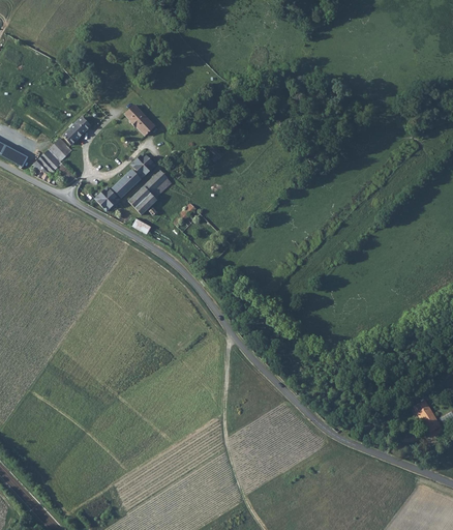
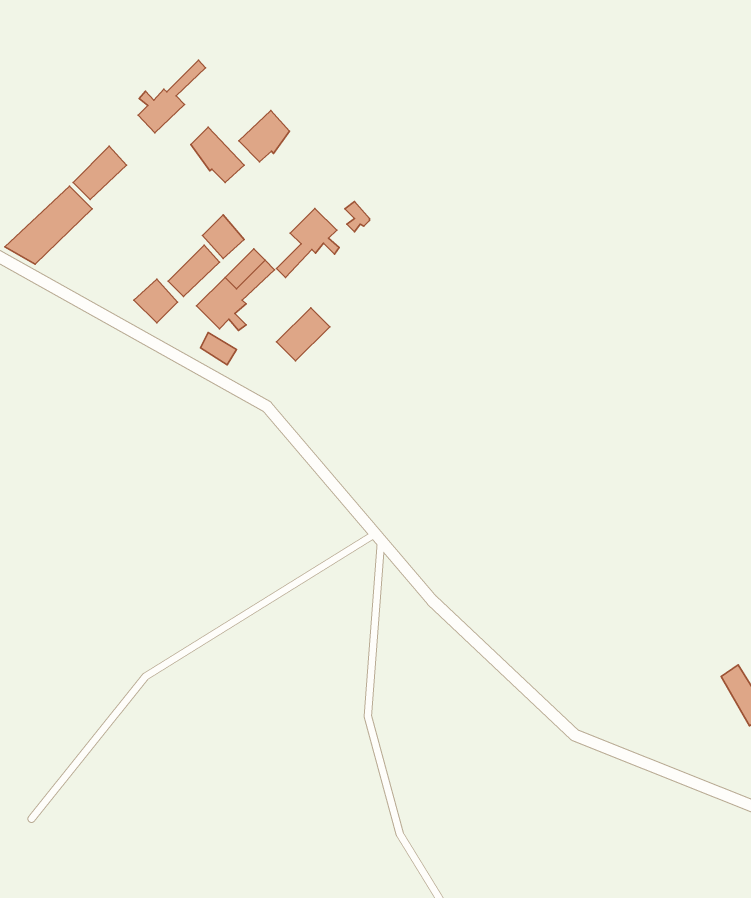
building: none -> [138,60,206,133]
building: none -> [239,111,289,162]
building: none -> [276,208,339,278]

